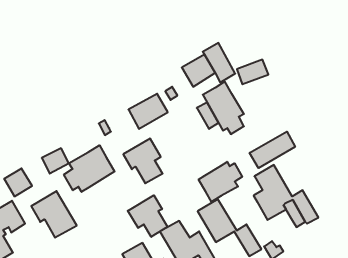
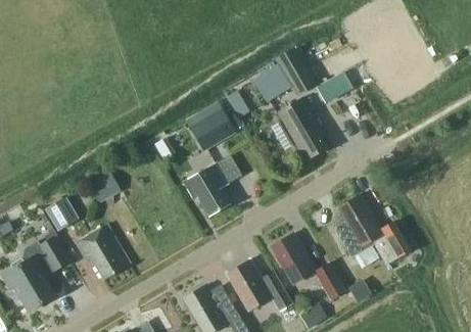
building: [250,132,295,168] -> none
building: [64,145,115,192] -> none
building: [199,162,242,202] -> none
building: [128,195,168,237] -> none

